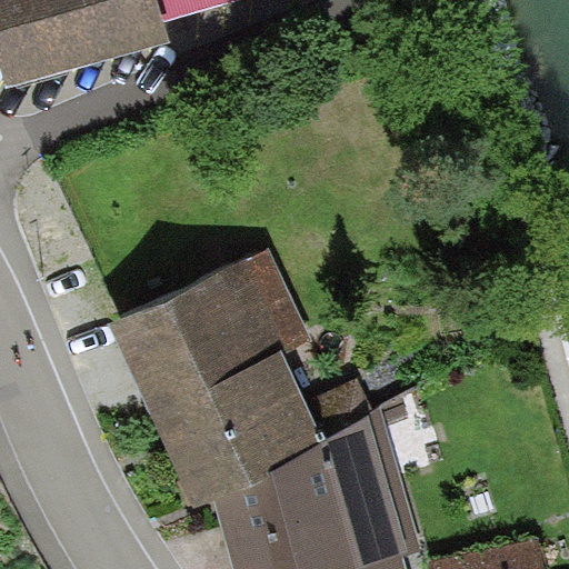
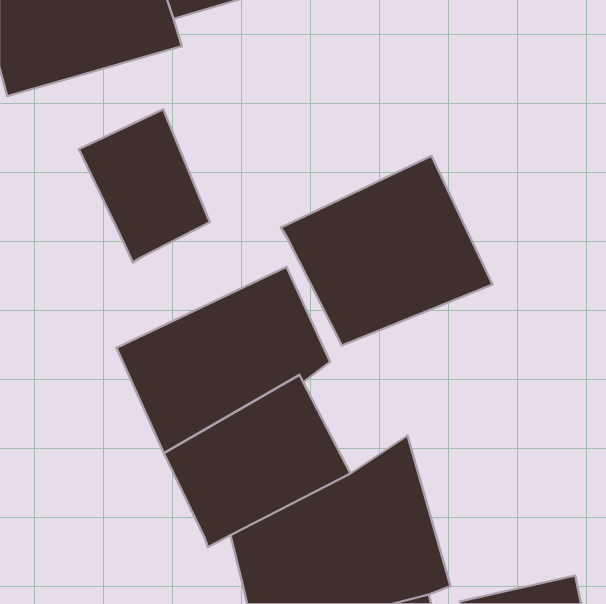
building: none -> [79,109,210,262]
building: none -> [281,156,493,345]

